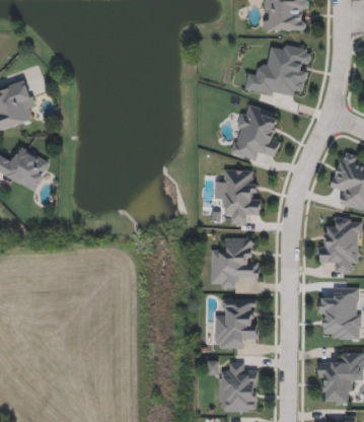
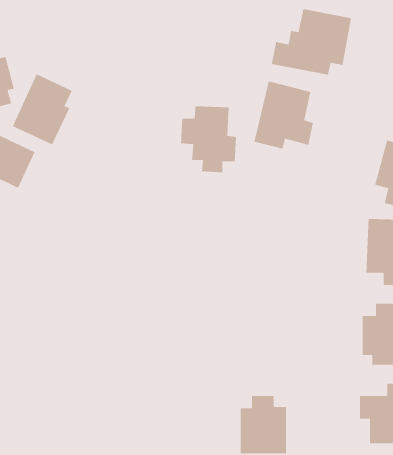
building: none -> [12,73,73,146]
building: [214,168,261,224] -> [180,106,237,173]
building: [211,237,259,288] -> none
building: [214,298,259,348] -> none

